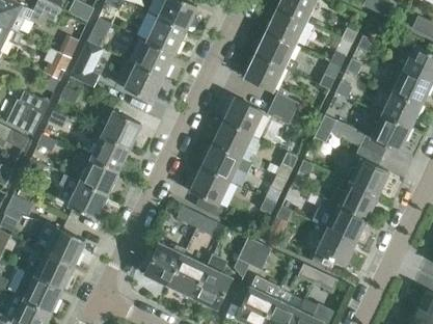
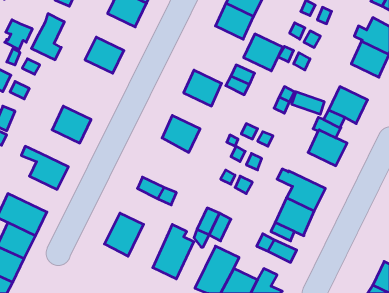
building: [135,40,174,78] -> none
building: [244,53,283,90] -> [244,34,283,71]
building: [381,91,421,128] -> none
building: [102,110,141,147] -> none
building: [212,120,251,157] -> none
building: [79,158,118,195] -> none
building: [189,166,228,216] -> none
building: [329,181,377,217] -> none
building: [167,253,207,297] -> none

